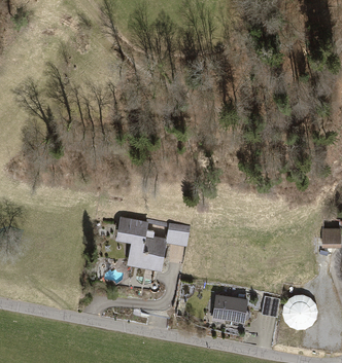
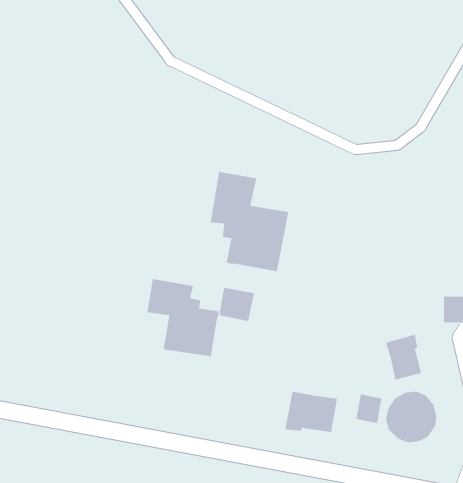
building: none -> [210,171,289,272]
building: none -> [386,334,422,380]

